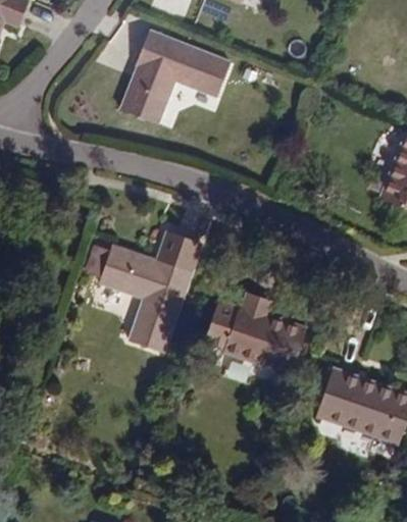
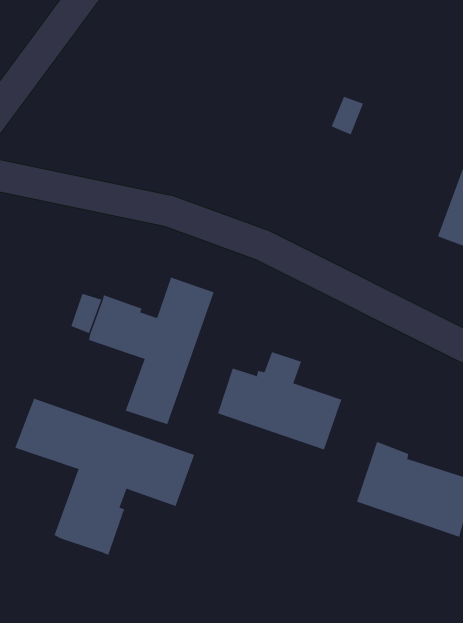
building: [121,30,230,122] -> none
building: none -> [14,398,195,556]

